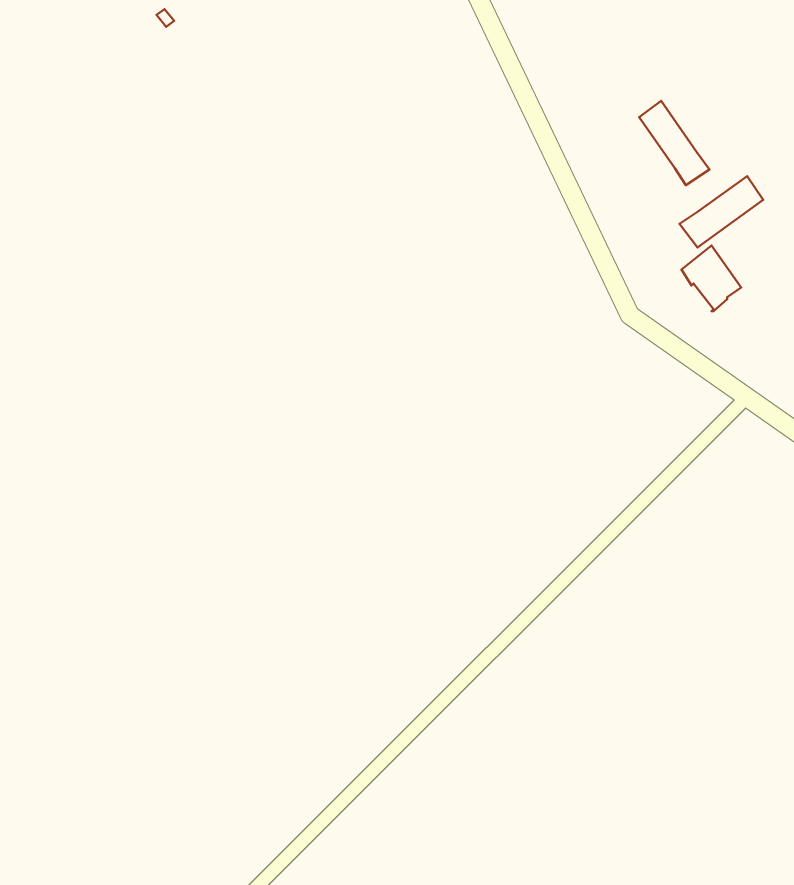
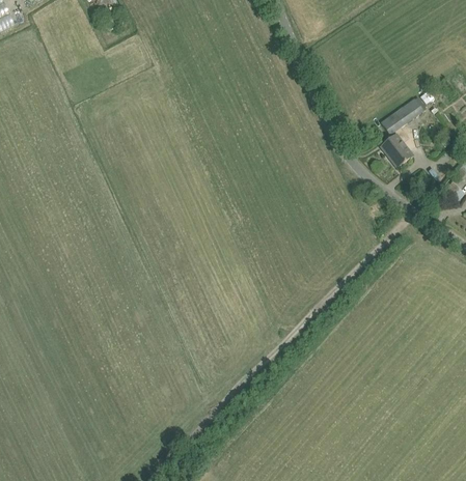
building: [639,101,710,185] -> none

